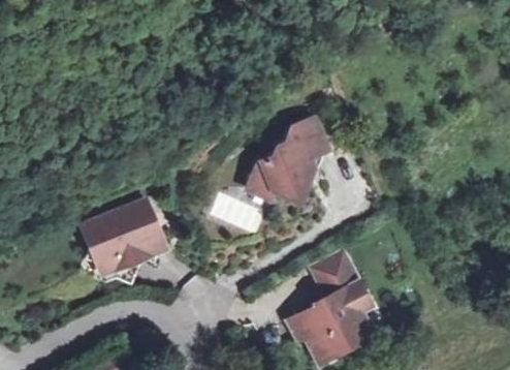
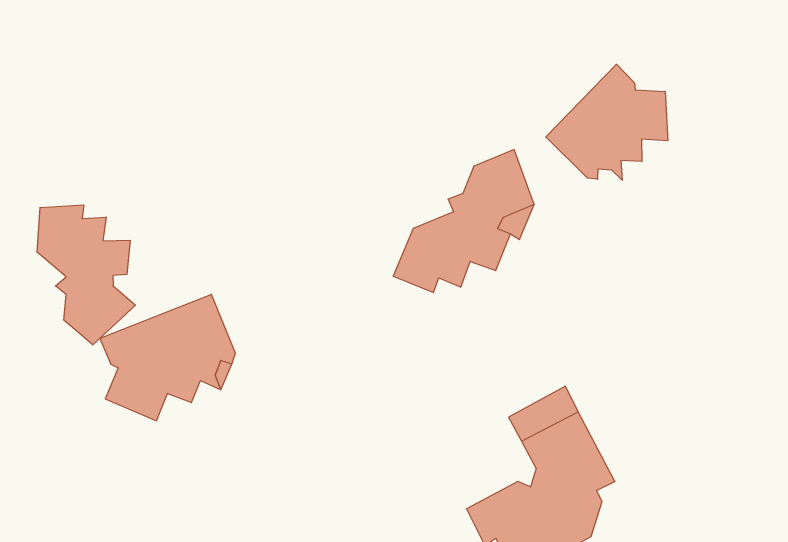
building: none -> [546,64,668,180]
building: none -> [37,205,135,345]

